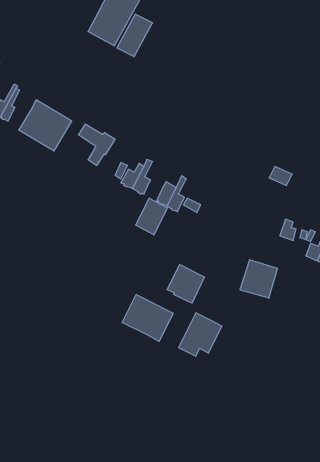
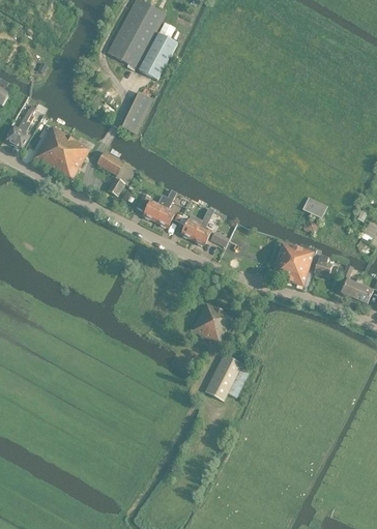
building: none -> [121,91,152,134]
building: [136,198,167,235] -> none
building: [240,260,278,298] -> [272,243,313,285]
building: [122,294,173,341] -> none

